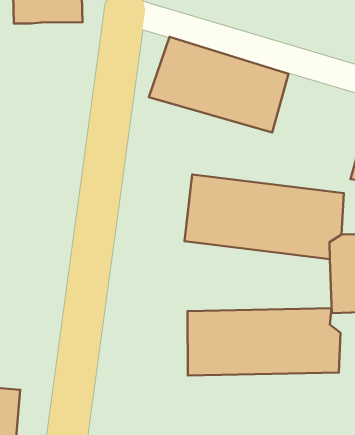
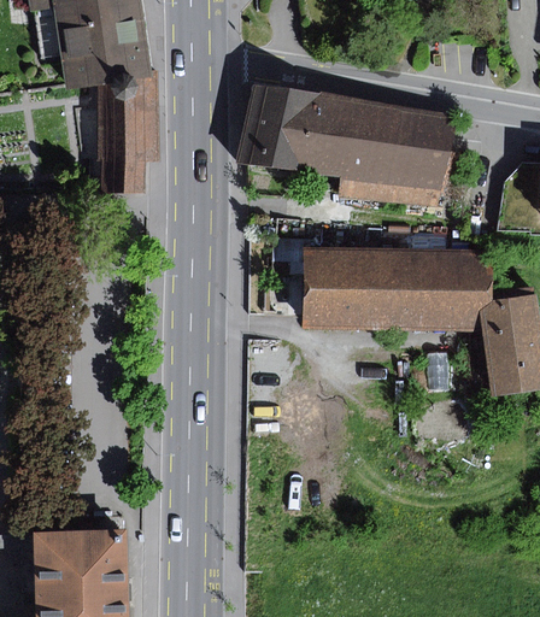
building: none -> [87,76,158,188]
building: none -> [391,112,457,207]
building: [187,308,340,376] -> none

